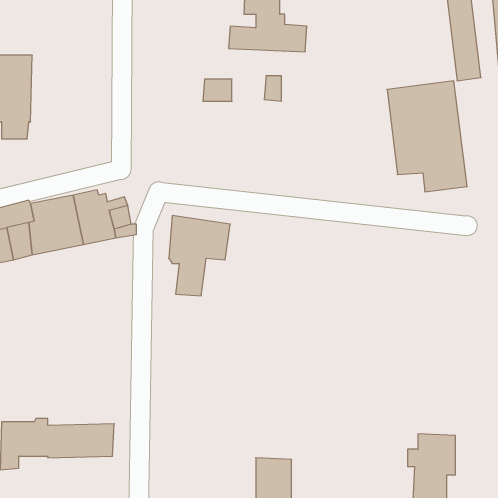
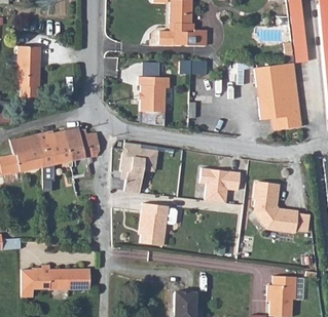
building: none -> [138,77,169,112]
building: none -> [201,167,241,202]
building: none -> [254,181,298,231]
building: none -> [141,202,177,244]

